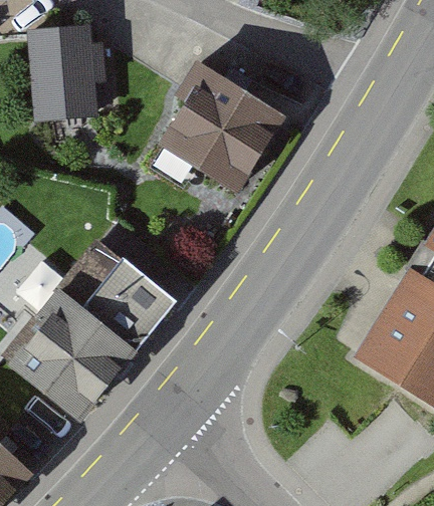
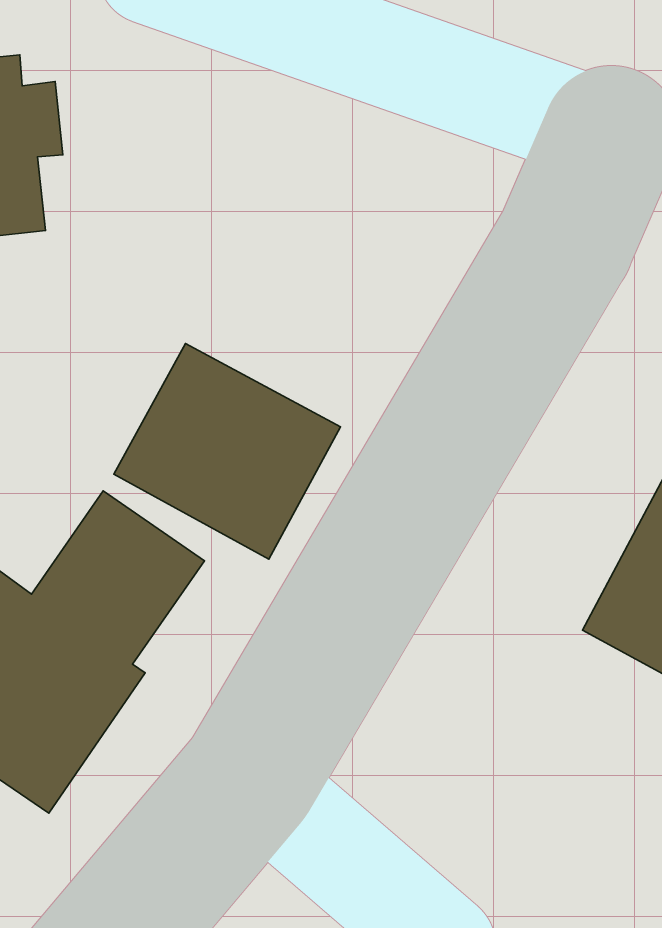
building: [158,72,276,187] -> [114,344,340,559]

